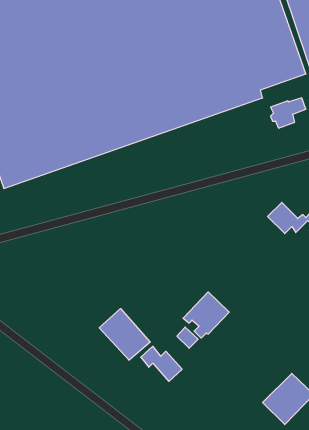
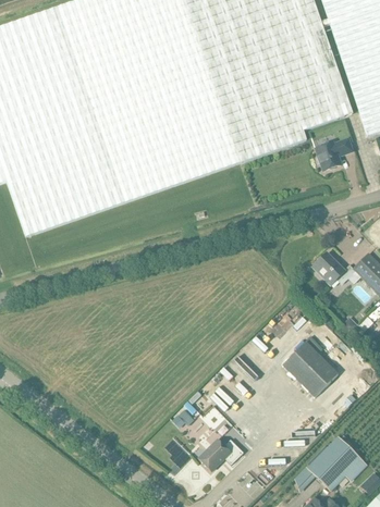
building: none -> [282,336,339,397]
building: [99,309,150,360] -> none
building: none -> [199,438,243,471]

